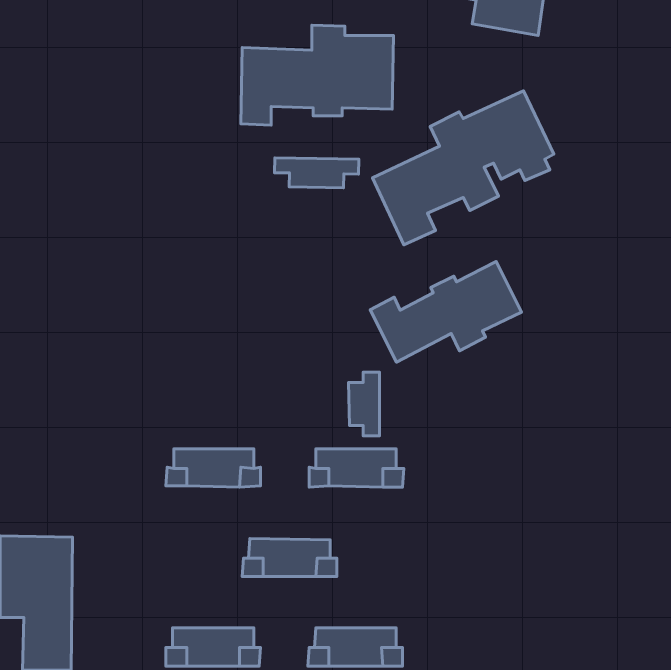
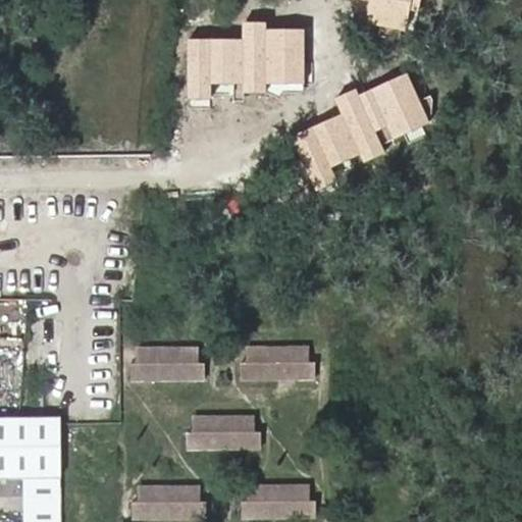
building: [274,158,359,188] -> none
building: [370,262,521,362] -> none
building: [348,372,379,436] -> none

